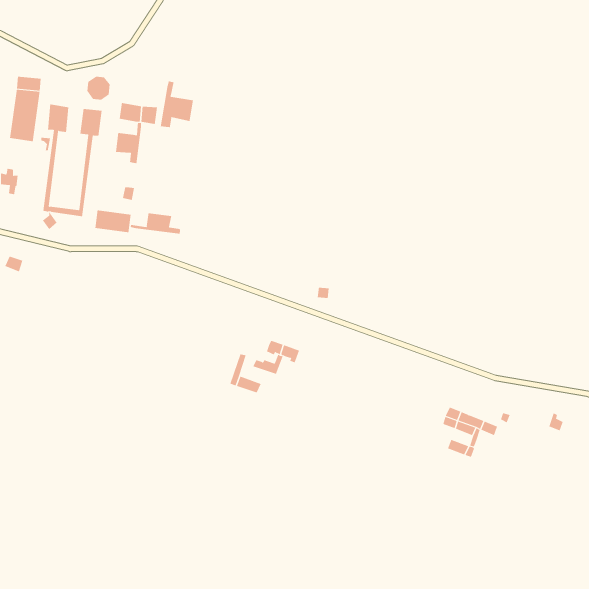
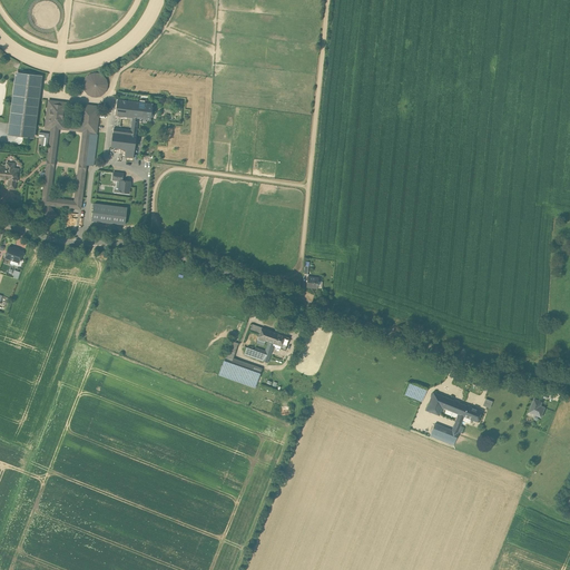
building: [160,80,194,128] -> none
building: [130,212,181,235] -> none

